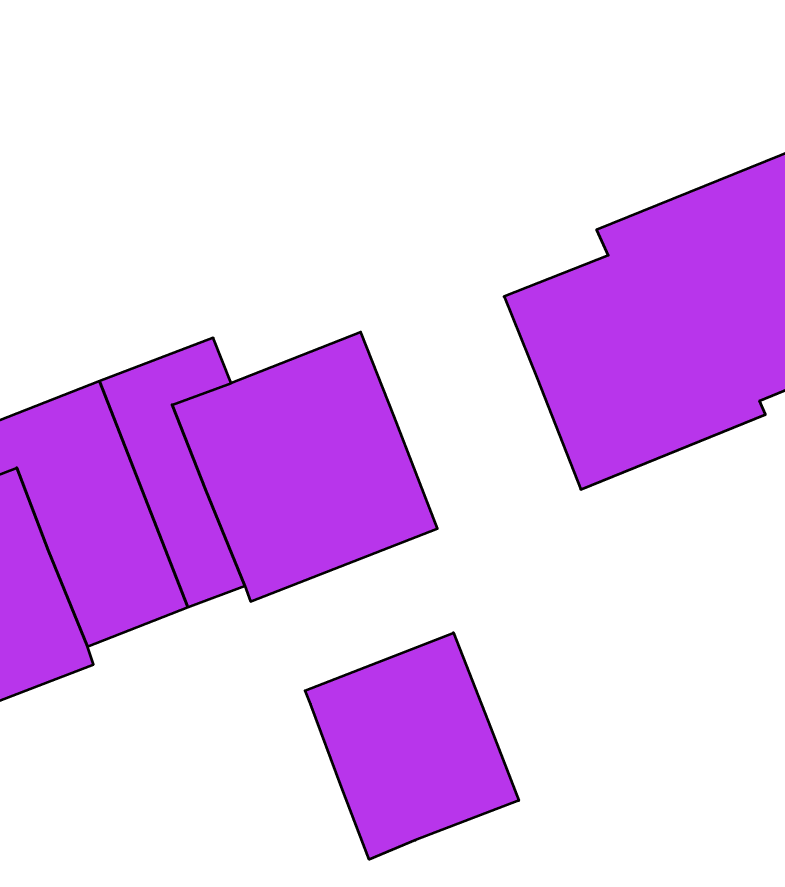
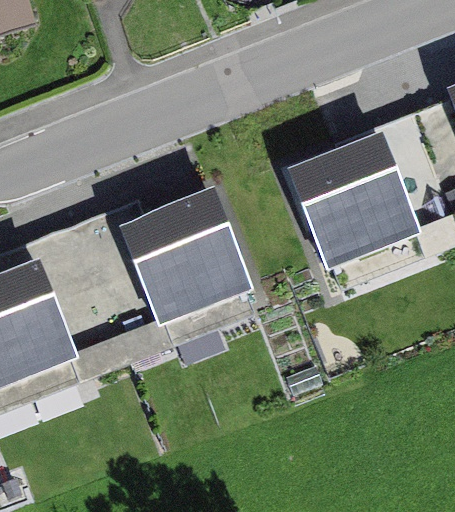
building: [305,633,519,859] -> none

